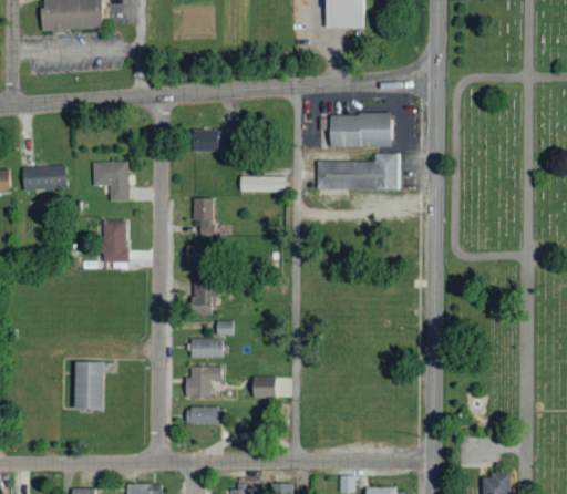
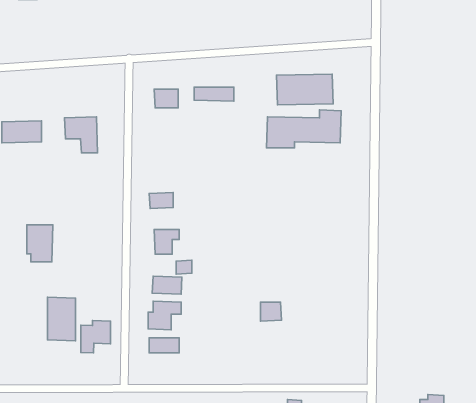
building: [240,176,285,192] -> [194,87,234,101]
building: [193,198,215,235] -> none
building: [99,220,127,261] -> [27,225,53,262]
building: [251,377,275,398] -> [261,302,281,321]
building: none -> [81,321,111,353]

